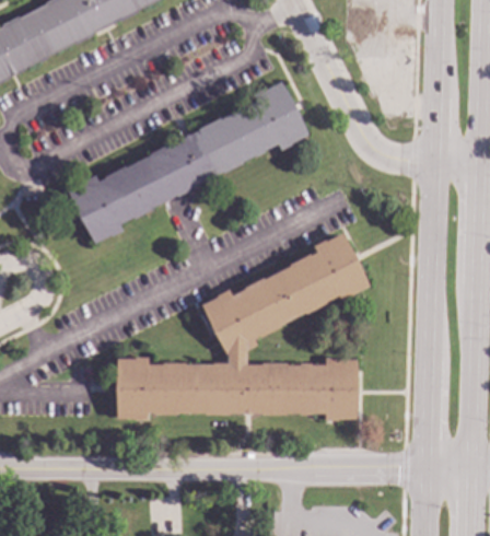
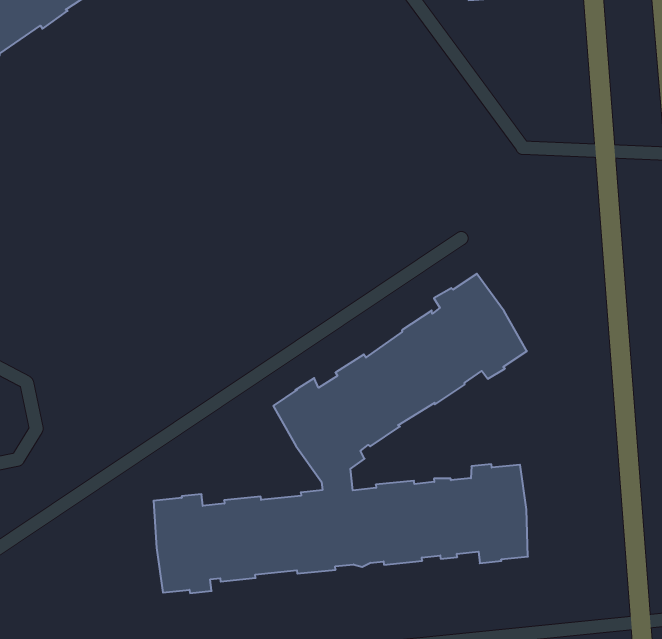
building: [68,81,308,243] -> none

